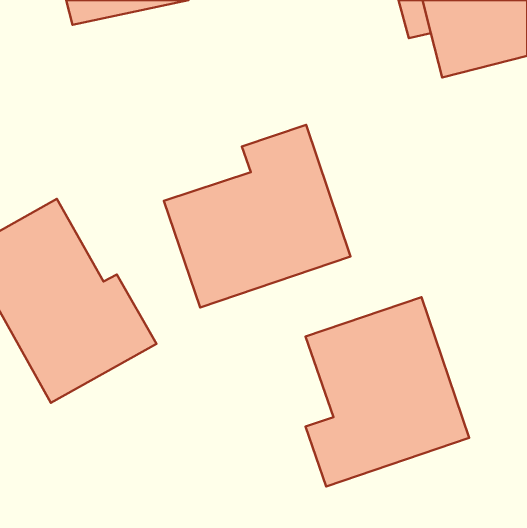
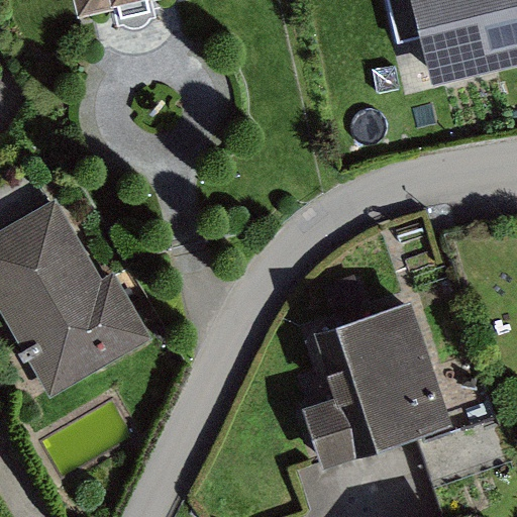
building: [164,125,351,308] -> none

